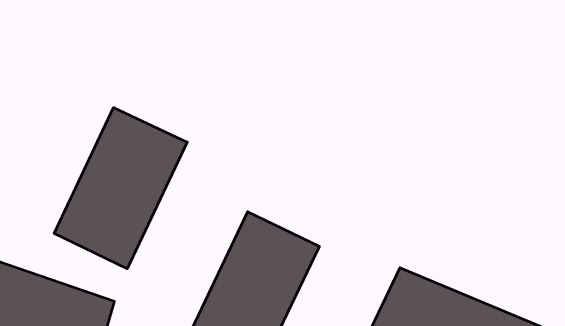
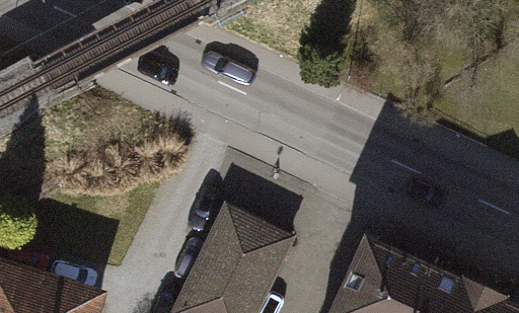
building: [54,108,187,269] -> none

